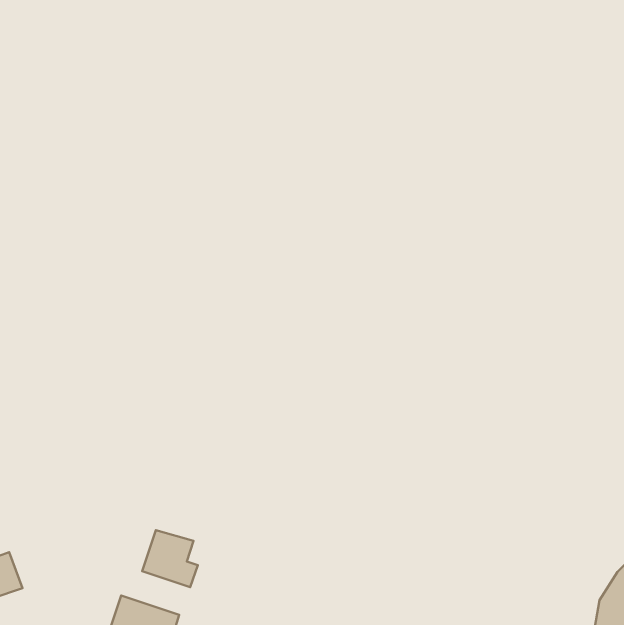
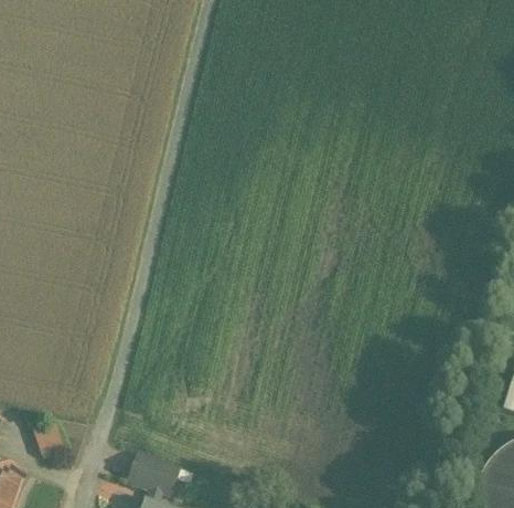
building: [142,530,198,587] -> none

